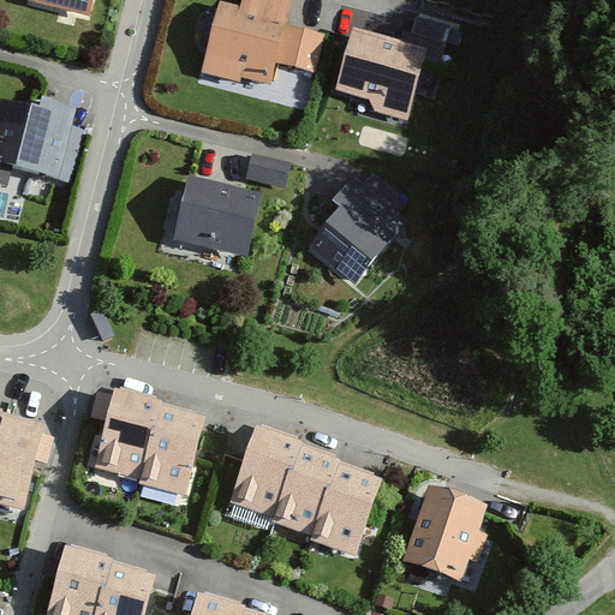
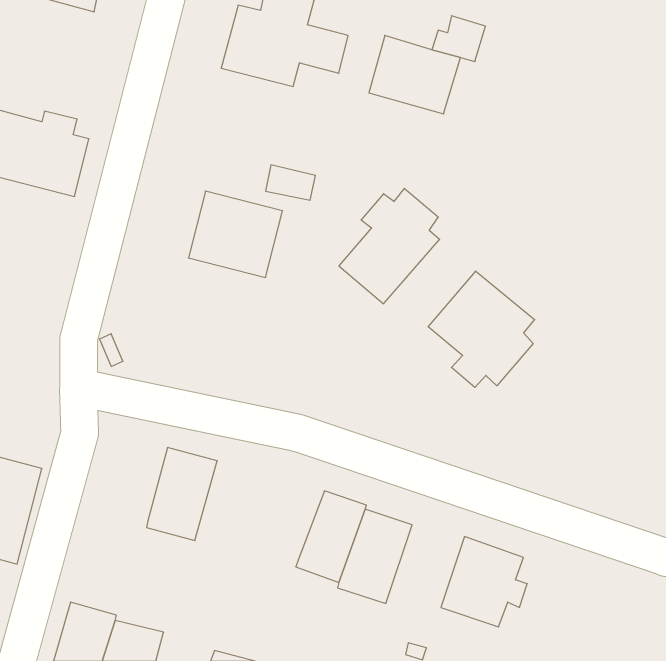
building: none -> [428,271,535,387]
building: [89,394,155,478] -> none
building: [229,429,299,514] -> none

